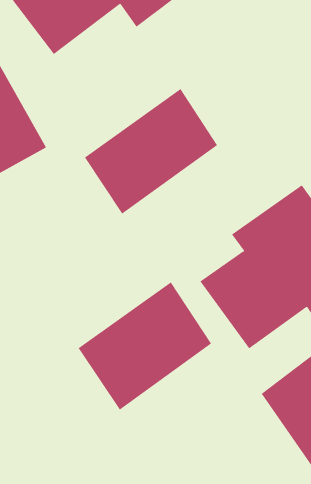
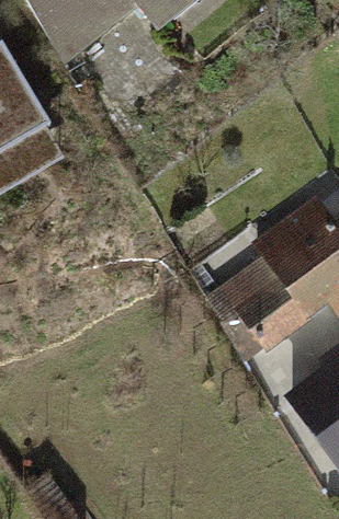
building: [84,88,218,214] -> none
building: [78,282,212,410] -> none

